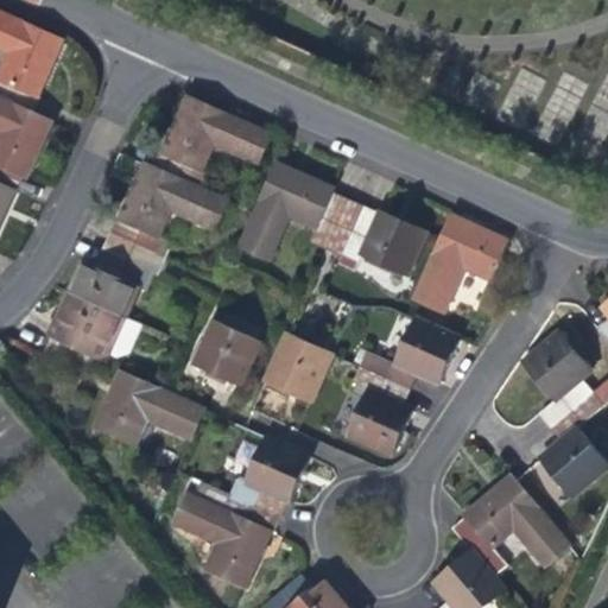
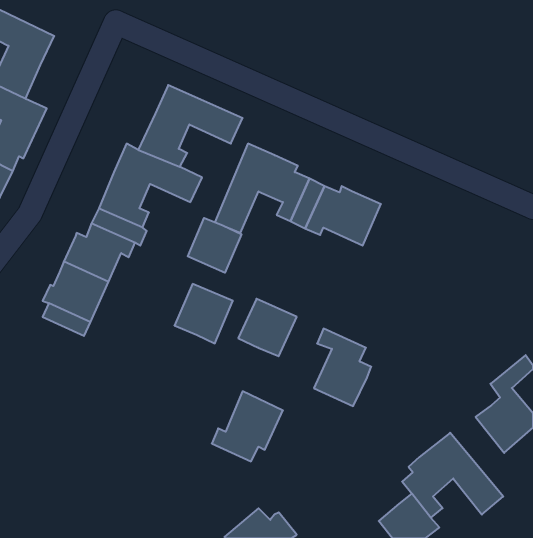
building: [414,216,514,316] -> none
building: none -> [188,218,241,273]
building: [361,319,462,388] -> none
building: [519,338,588,429] -> none
building: [102,372,209,445] -> none
building: [180,495,280,587] -> none

